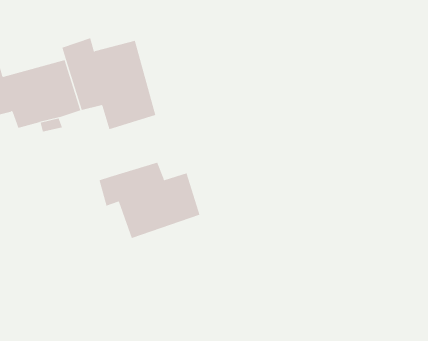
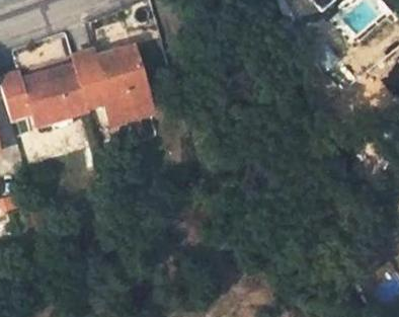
building: [99,162,200,239] -> none

